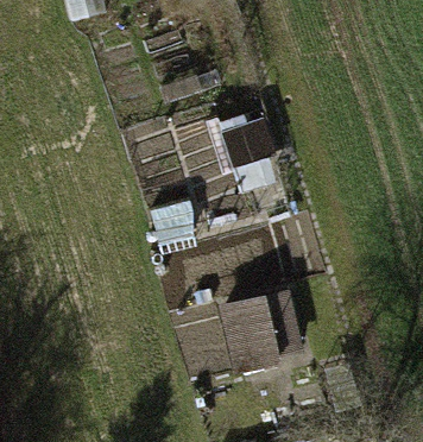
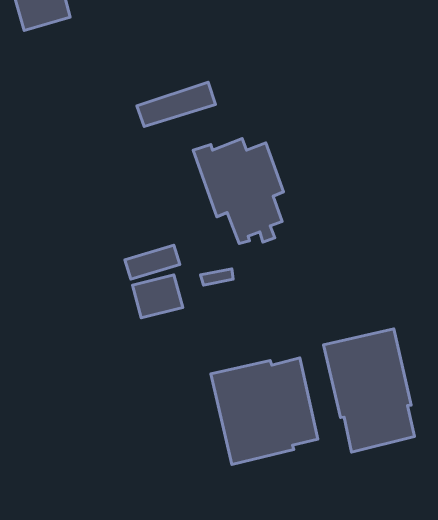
building: none -> [324,329,414,452]

